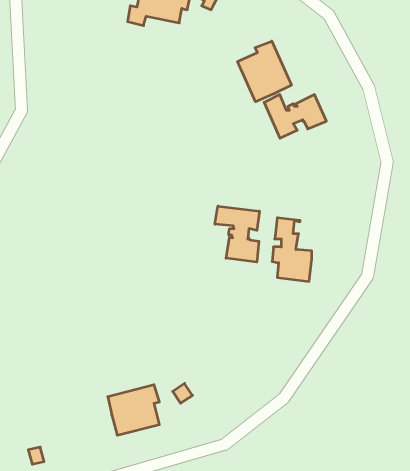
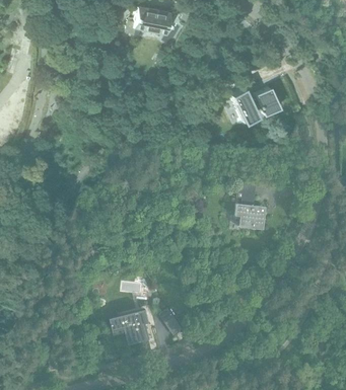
building: [238,41,291,102] -> none
building: [215,206,259,262] -> none

